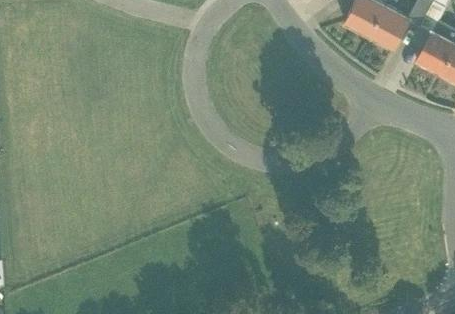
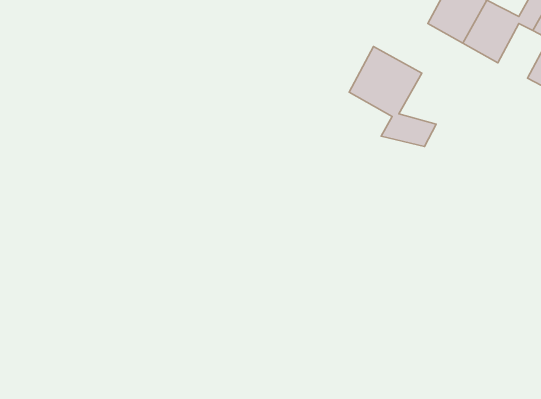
building: none -> [349,47,436,146]

